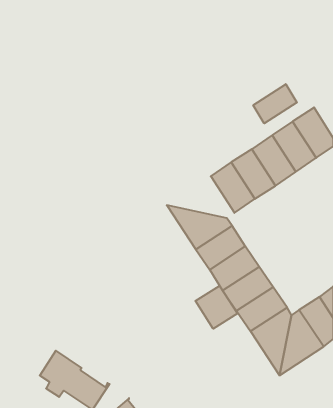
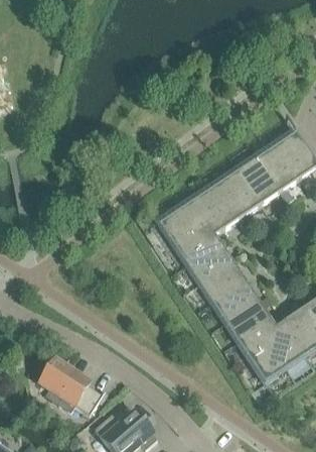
building: [253,84,297,123] -> none
building: none -> [158,195,221,234]
building: [195,286,238,329] -> none

